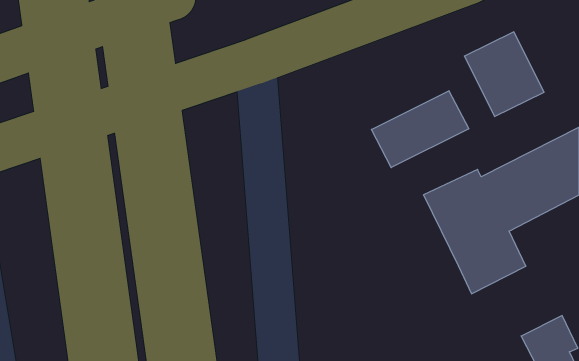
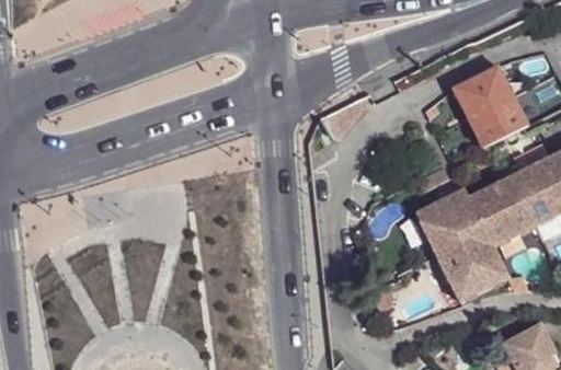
building: [371,91,469,168] -> none

